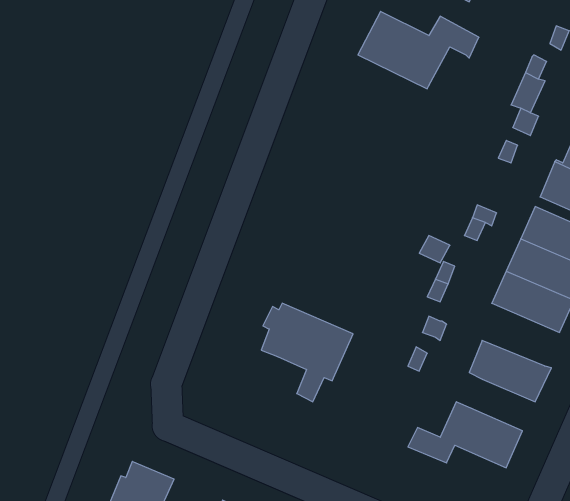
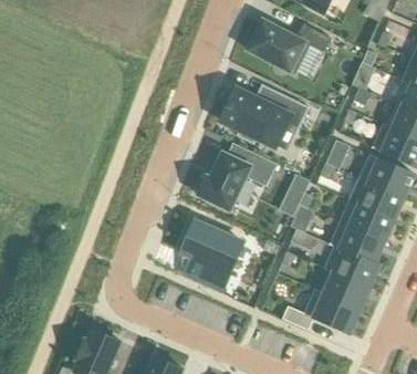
building: none -> [220,89,309,146]
building: none -> [197,147,277,209]
building: none -> [329,220,385,263]
building: none -> [324,272,368,308]

